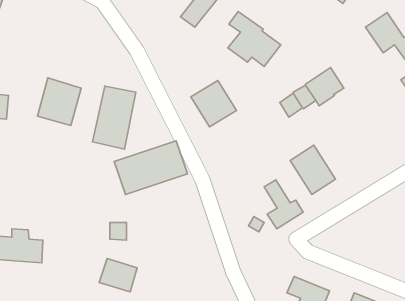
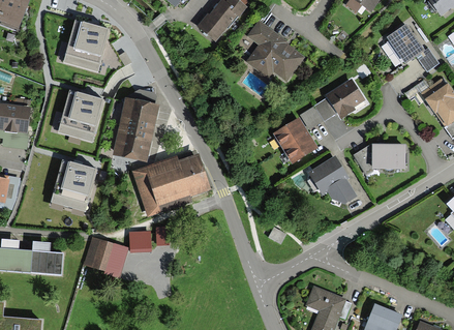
building: none -> [65,21,111,66]
building: [191,80,236,127] -> [273,117,319,163]
building: none -> [369,146,405,169]
building: none -> [51,158,99,213]
building: [264,180,303,229] -> none
building: [99,259,137,292] -> [85,240,123,273]

